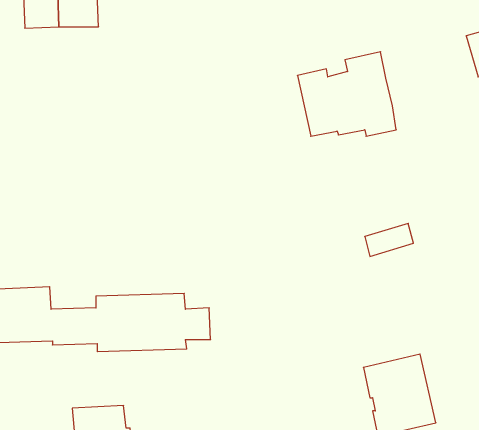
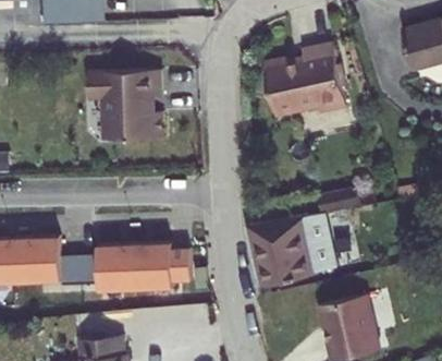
building: none -> [88,70,162,139]
building: none -> [246,212,333,284]

